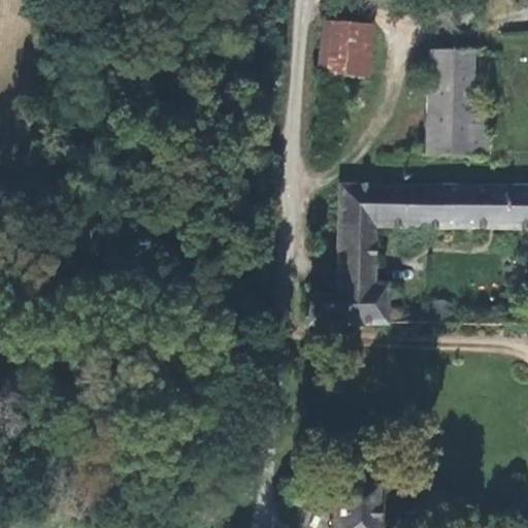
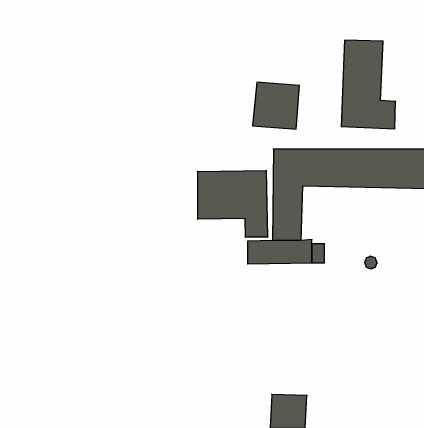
building: [319,20,376,77] -> [253,82,299,129]
building: none -> [198,170,268,237]

